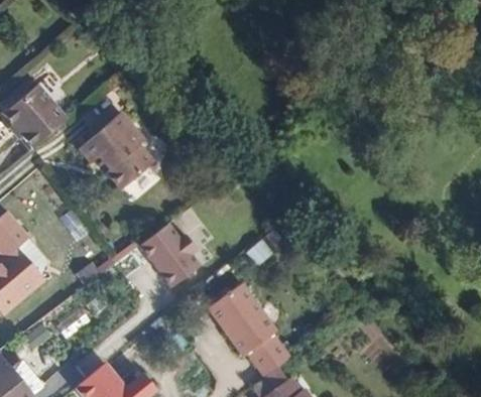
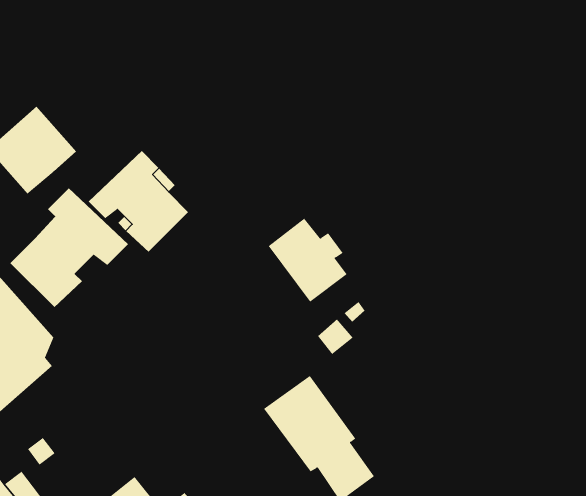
building: none -> [10,187,129,308]
building: [142,222,202,285] -> [268,218,347,303]

